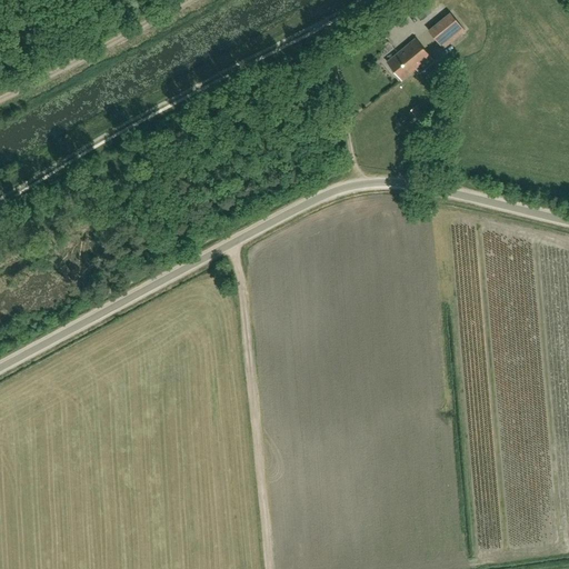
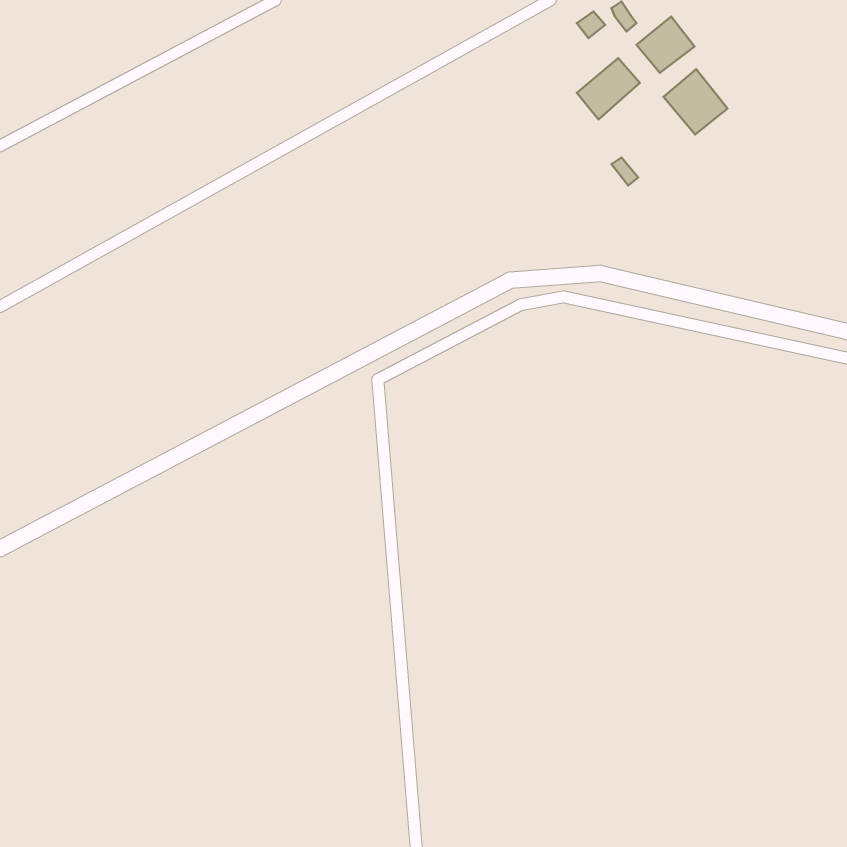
building: none -> [664,69,727,135]

